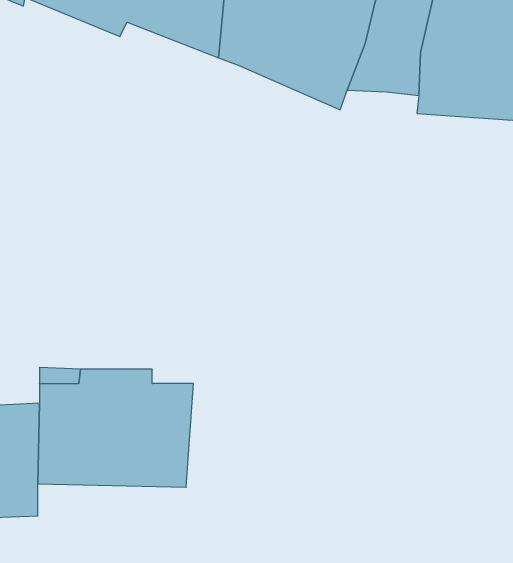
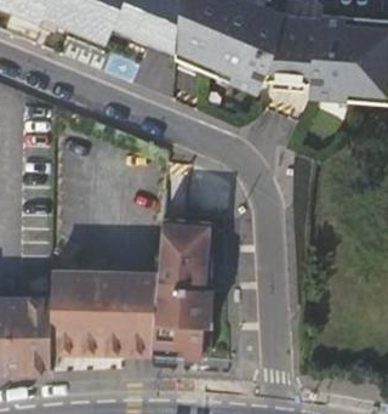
building: none -> [152,215,210,355]

